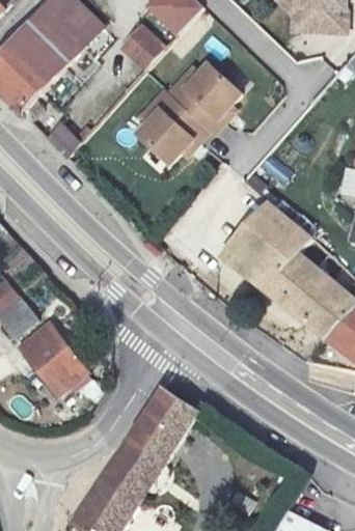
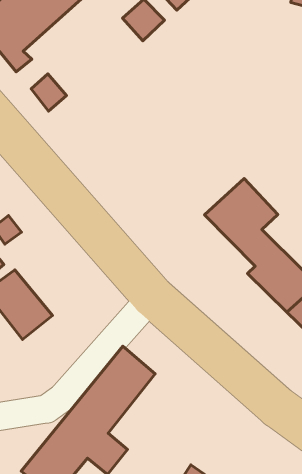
building: [138,60,239,159] -> none

